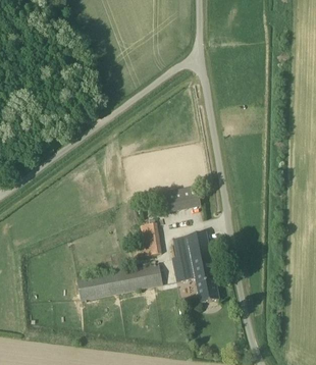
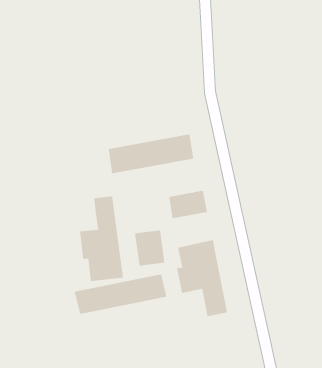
building: none -> [108,134,194,174]
building: none -> [79,195,123,282]

